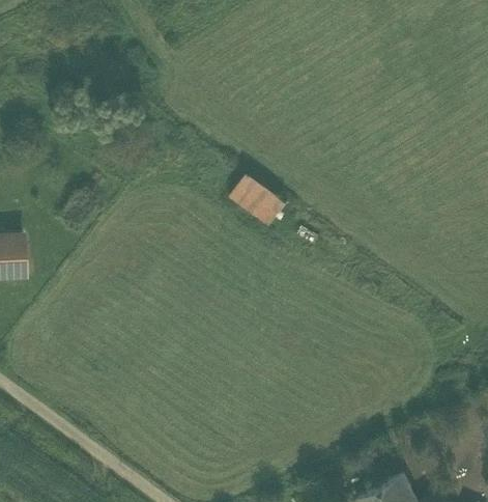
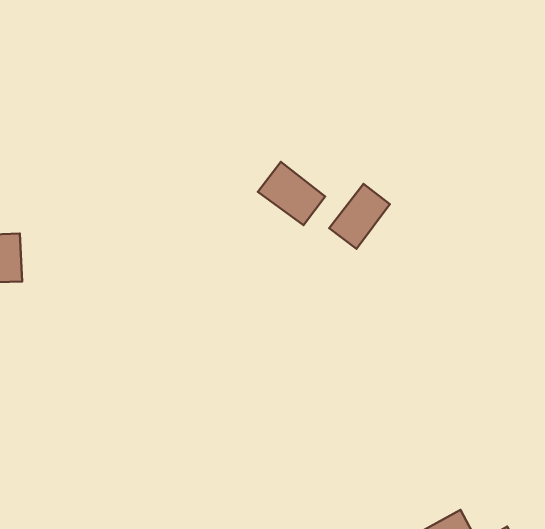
building: none -> [329,184,390,249]

